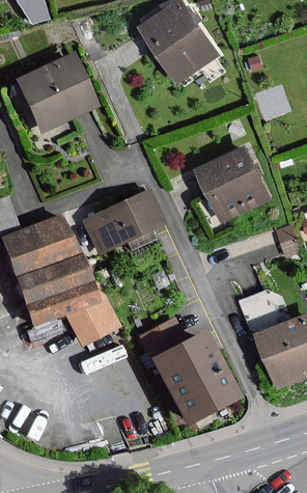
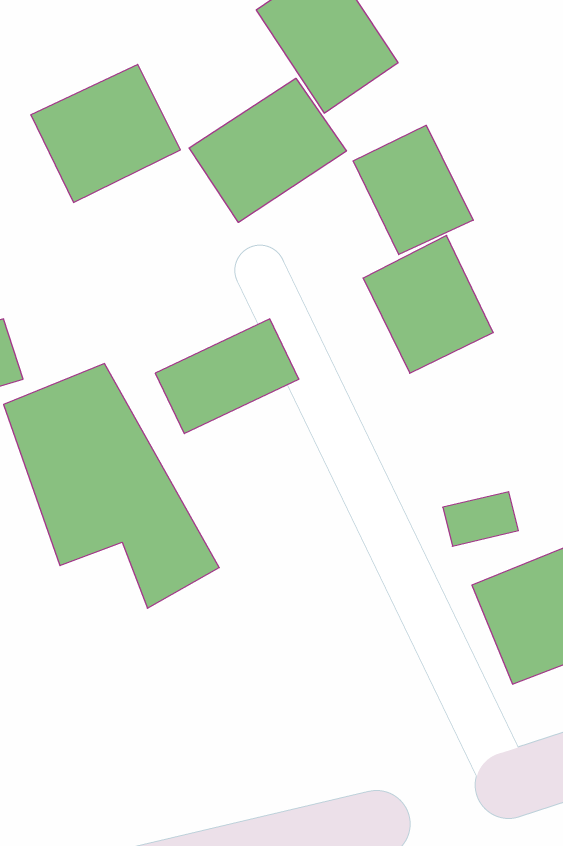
building: none -> [189,78,346,222]
building: none -> [353,125,473,255]
building: [141,322,240,426] -> none

